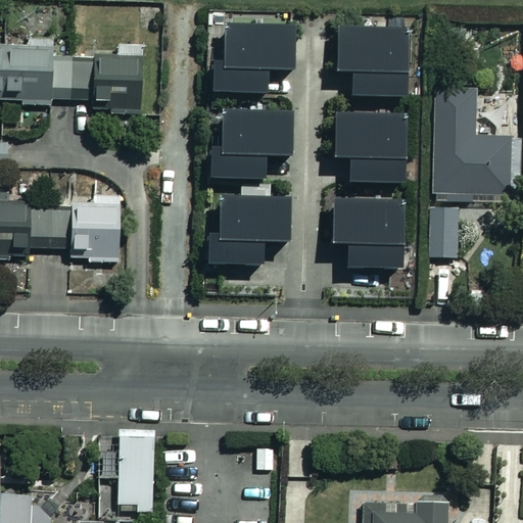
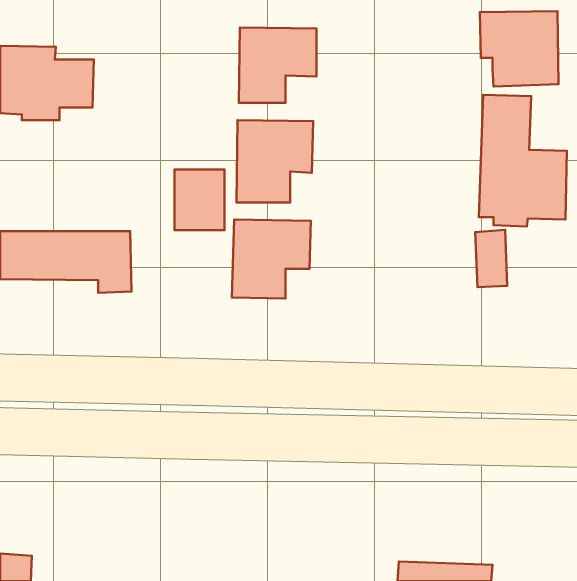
building: [333,29,403,96] -> [480,11,559,87]
building: [106,60,151,114] -> [174,169,225,230]
building: [331,110,398,183] -> none
building: [328,198,398,264] -> none
building: [120,430,158,510] -> none

